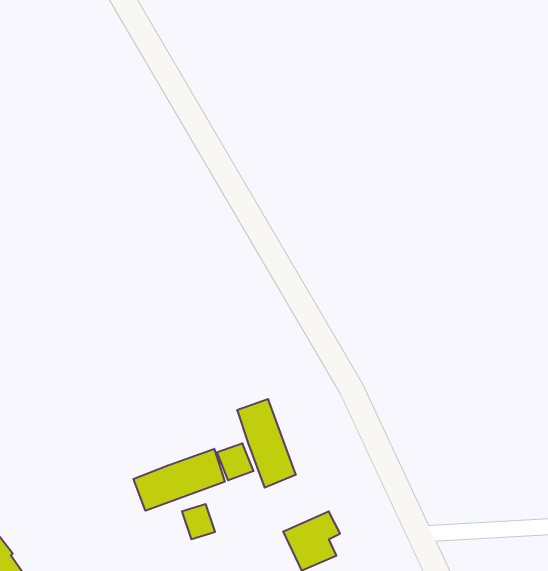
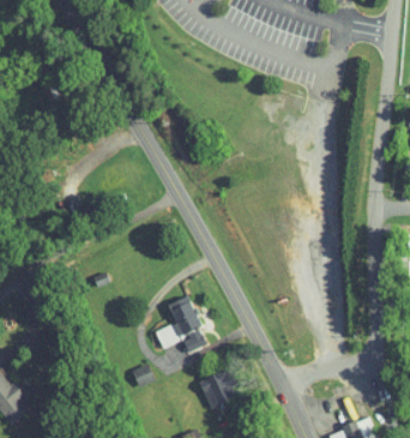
building: [133,449,225,511] -> none

